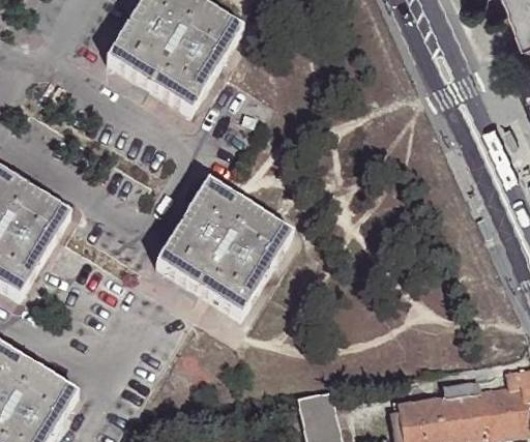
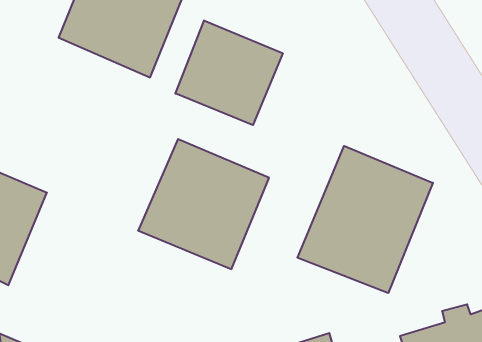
building: none -> [175,20,283,125]
building: none -> [297,146,433,293]

